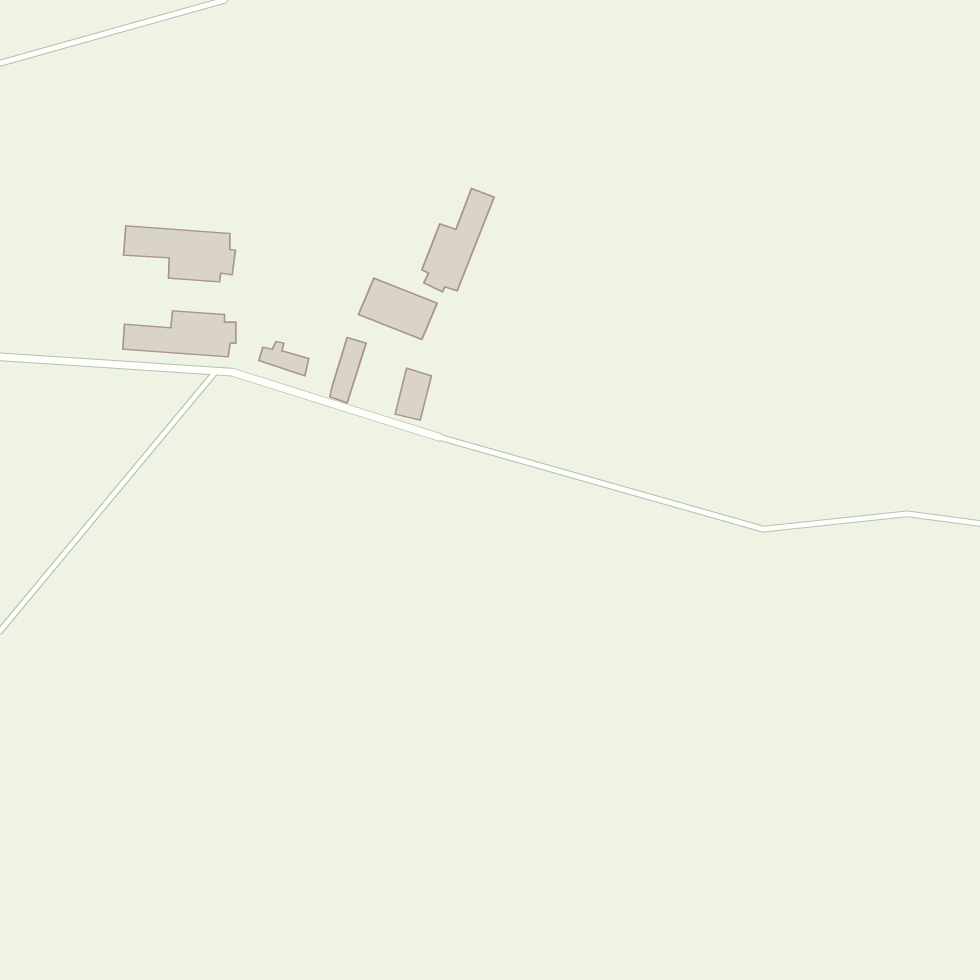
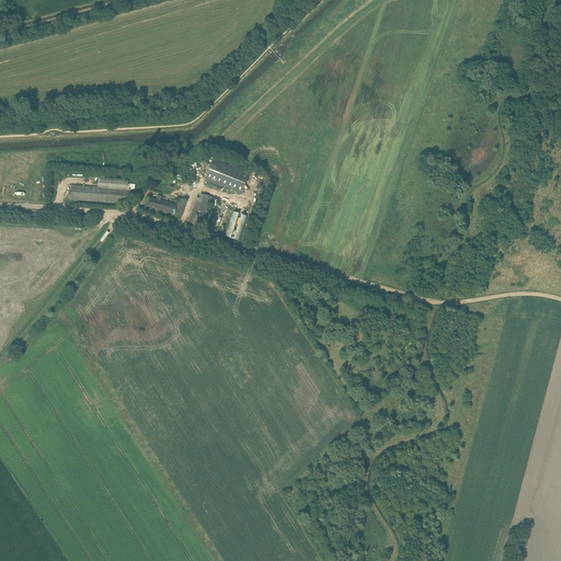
building: [422,188,494,292] -> none
building: [124,226,235,282] -> none

